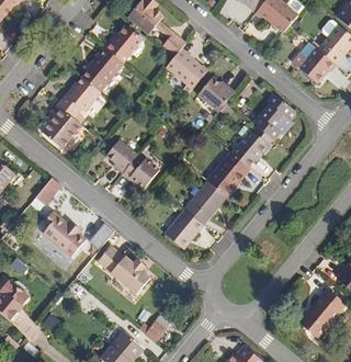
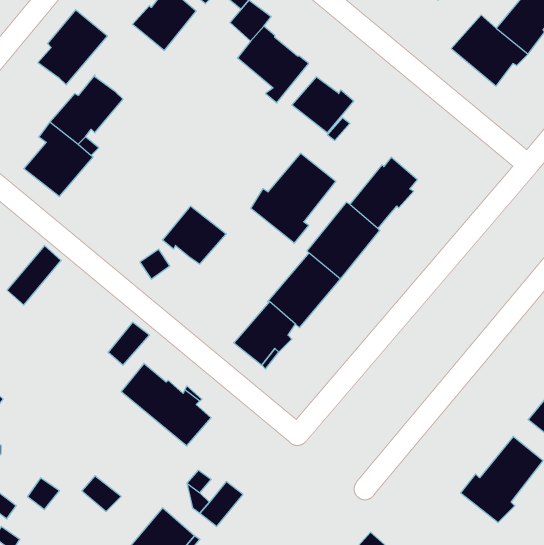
building: [82,47,123,91] -> [38,10,107,85]
building: [252,93,295,140] -> none
building: none -> [251,153,336,243]
building: [105,139,137,173] -> none
building: [43,212,86,251] -> none

